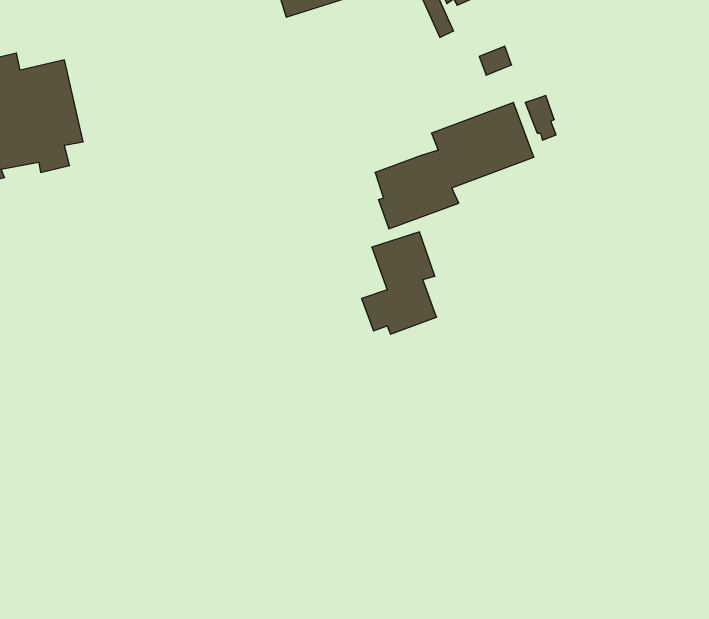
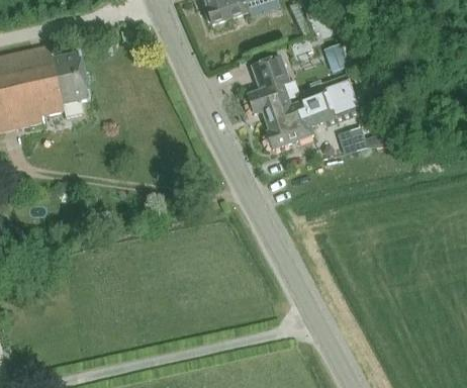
building: none -> [336,126,367,155]
building: [362,232,437,334] -> [247,57,291,117]

